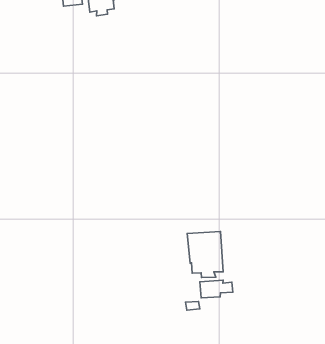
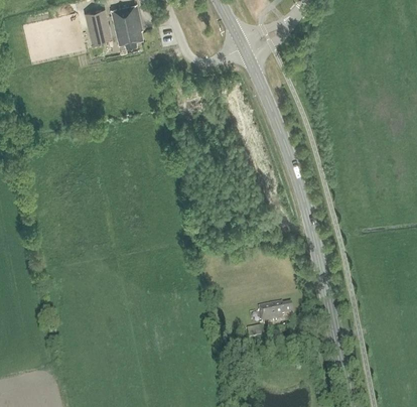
building: [187,231,223,278] -> none

